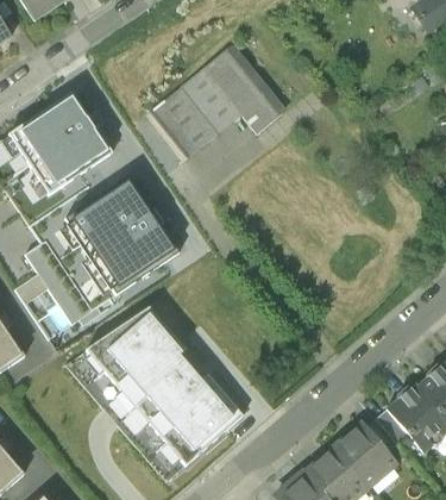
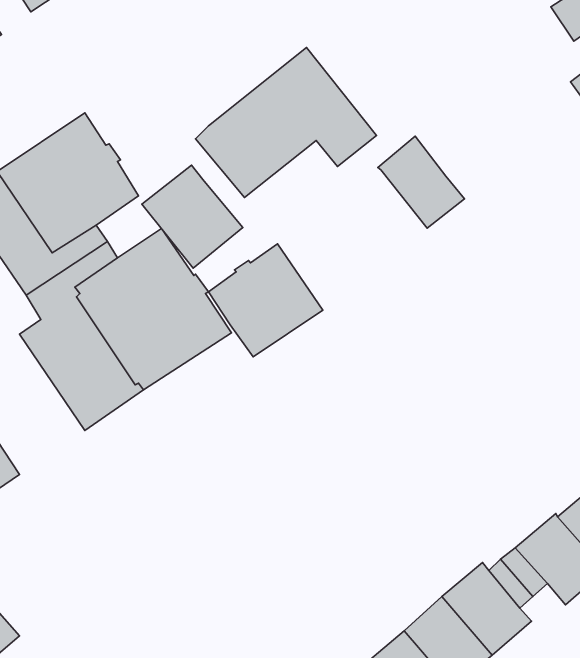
building: none -> [378,136,464,228]
building: none -> [142,165,243,268]
building: none -> [209,244,323,357]
building: [65,307,243,481] -> none

